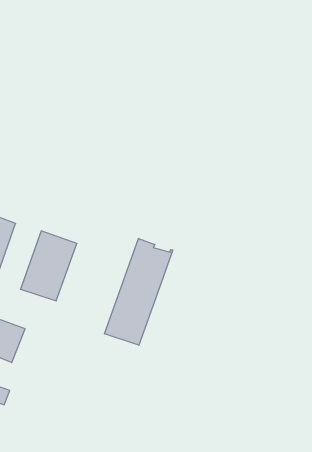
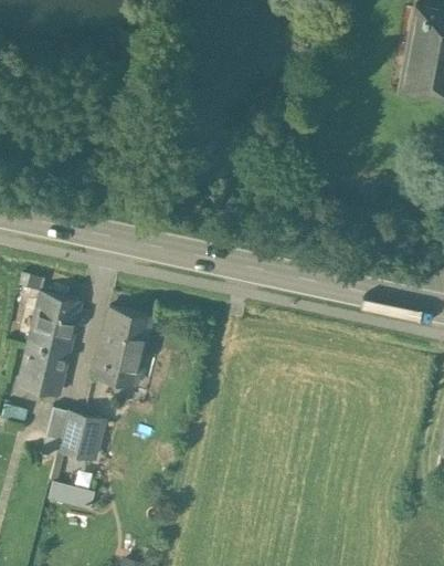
building: [105,238,173,345] -> none

